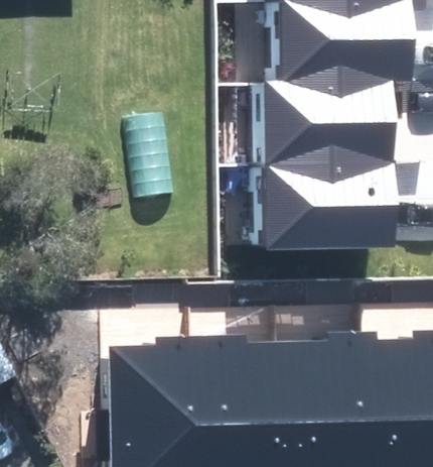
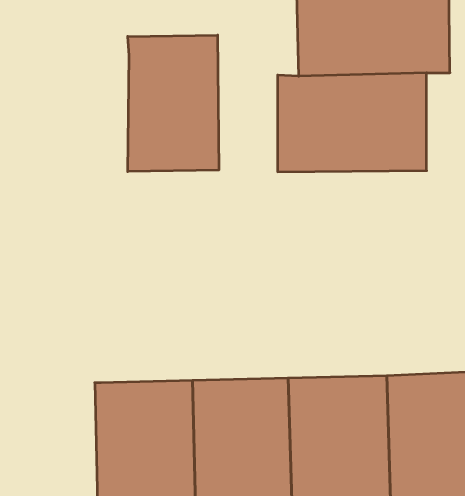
building: none -> [128,35,219,172]
building: [263,162,392,247] -> none

